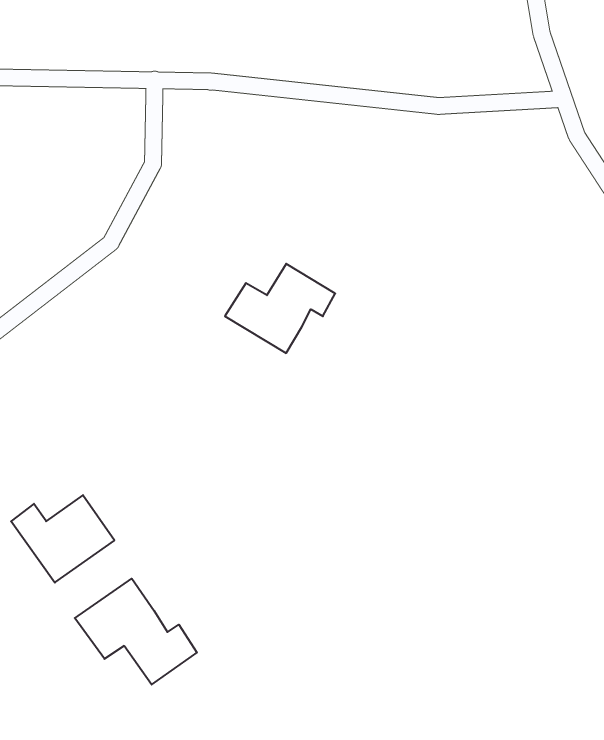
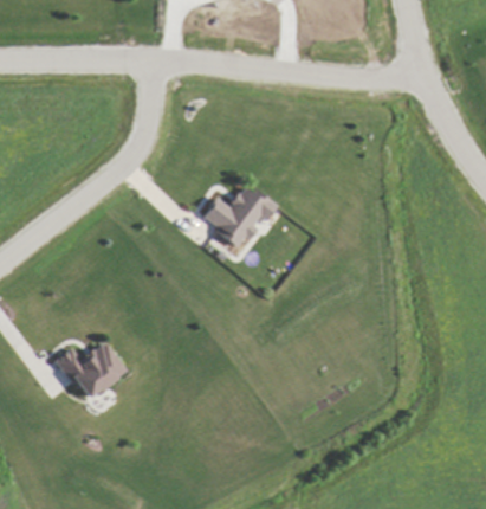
building: [75,579,197,685] -> none

